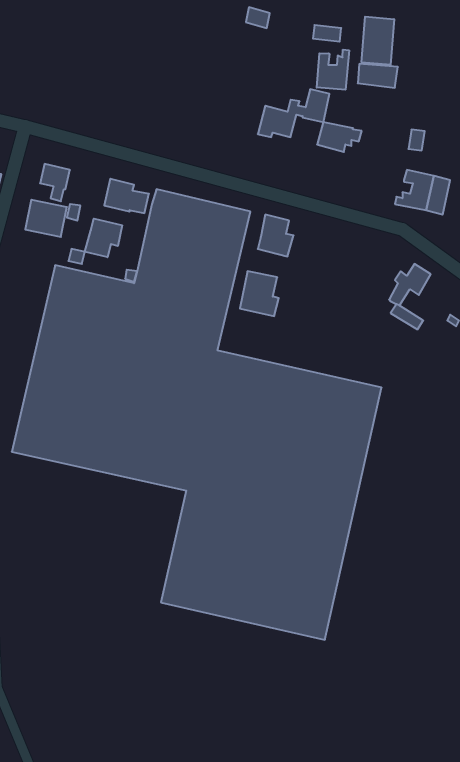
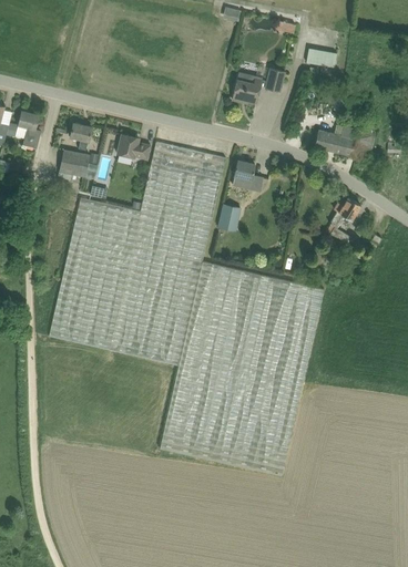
building: [362,17,394,65] -> none
building: [317,50,349,90] -> none
building: [317,122,362,152] -> [314,130,347,152]
building: [85,219,122,257] -> none

